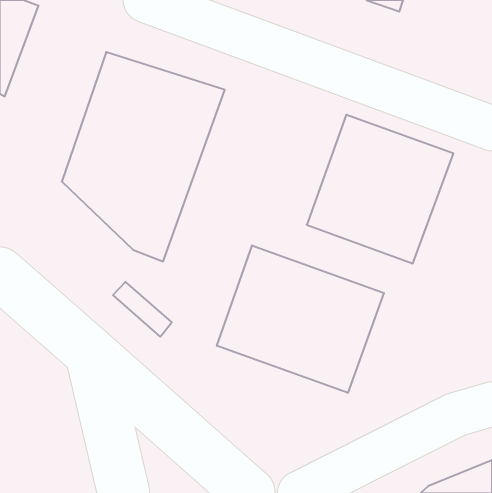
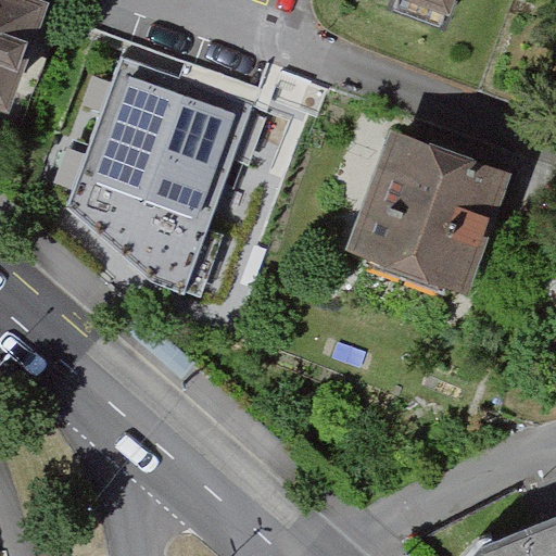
building: [217,245,384,393] -> none

